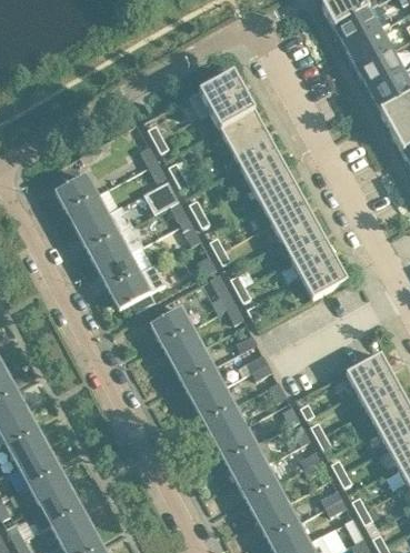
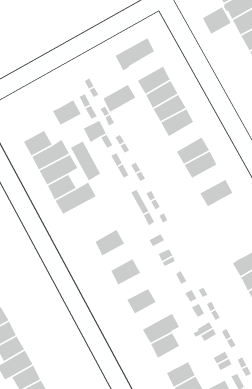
building: none -> [202,6,232,35]
building: [209,91,254,130] -> [102,84,136,113]
building: [56,175,96,211] -> [52,99,82,126]
building: [261,185,306,224] -> none
building: none -> [70,141,101,182]
building: [292,242,338,280] -> none
building: [151,308,192,344] -> none
building: [172,348,213,383] -> none
building: [193,386,234,422] -> none
building: [216,425,256,462] -> none
building: [247,484,288,520] -> none

